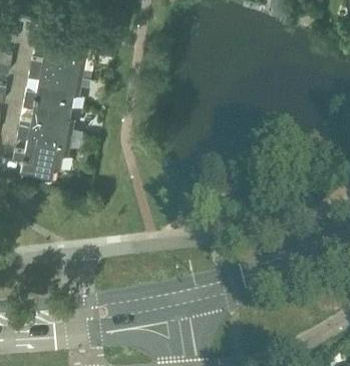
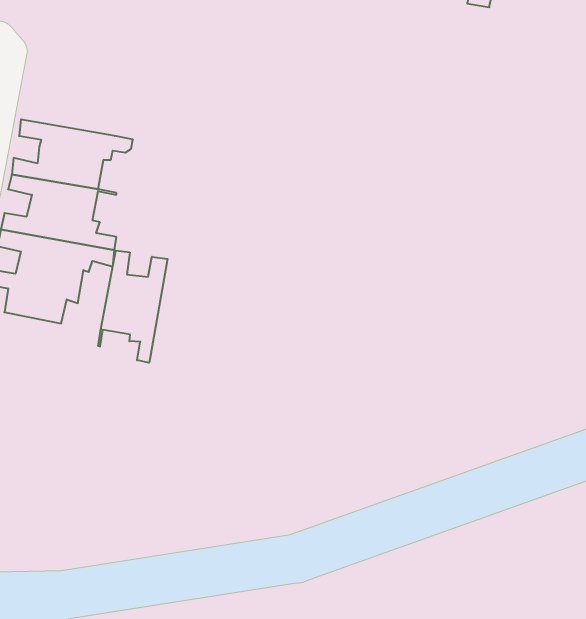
building: [29,38,86,78] -> none
building: none -> [98,251,168,363]

